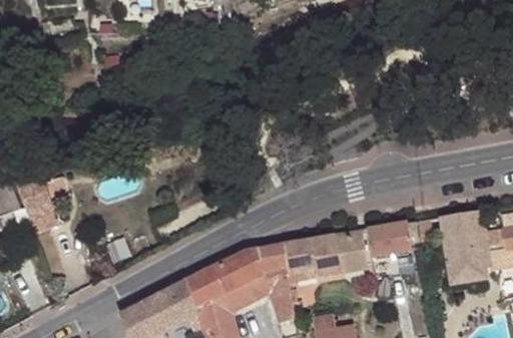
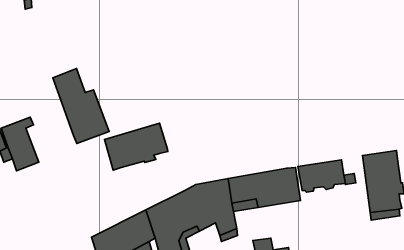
building: none -> [53,68,109,144]
building: none -> [105,123,168,170]

